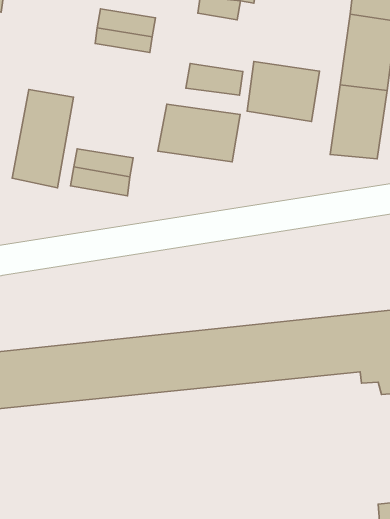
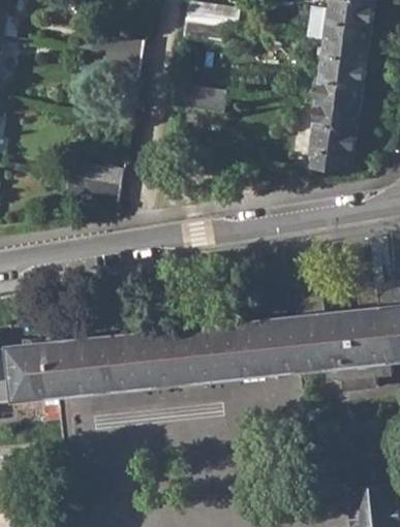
building: [247,62,320,121] -> none
building: [12,89,73,188] -> none
building: [158,104,240,162] -> none

